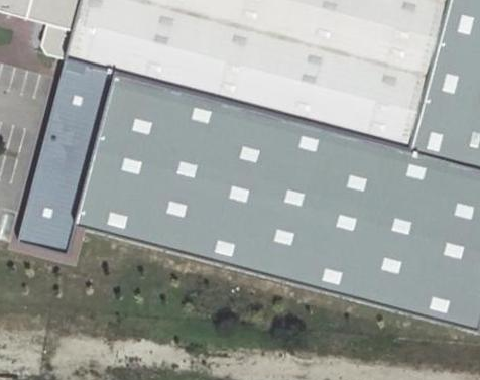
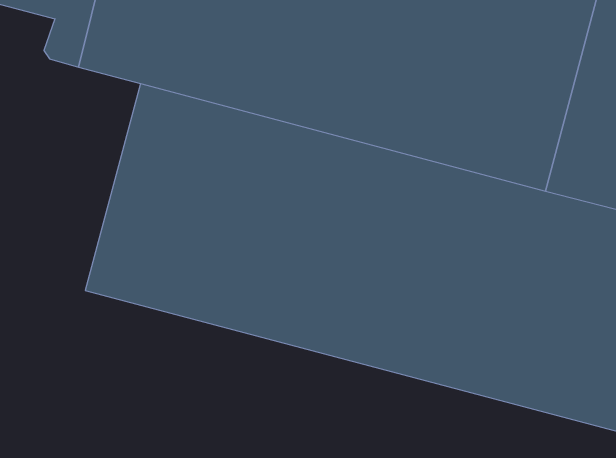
building: [17,58,112,256] -> none

